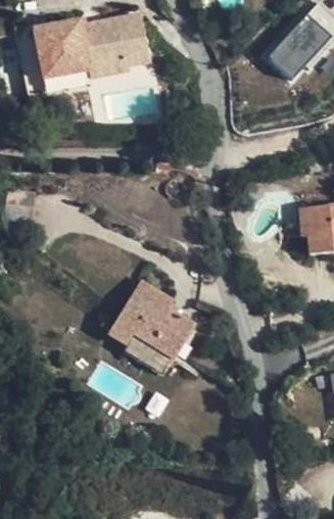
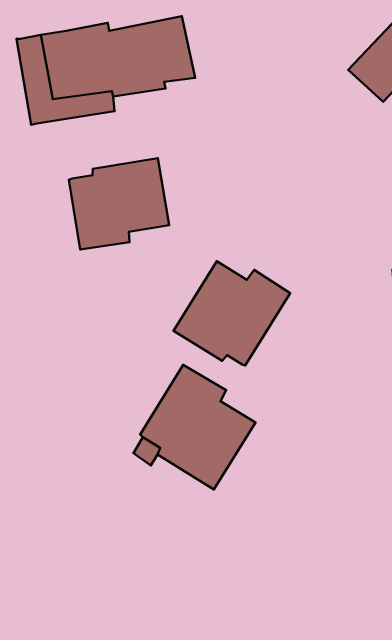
building: none -> [69,158,169,250]
building: none -> [174,261,290,365]

